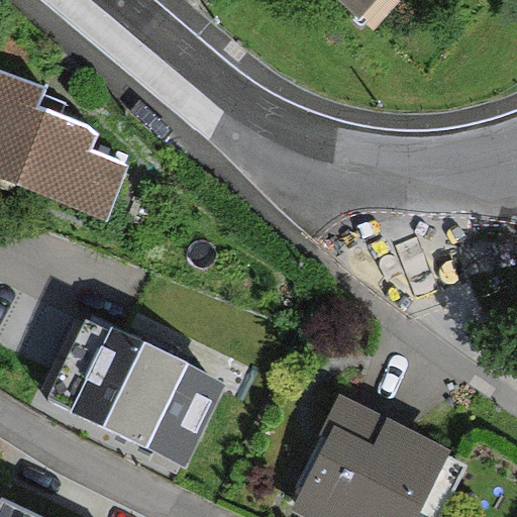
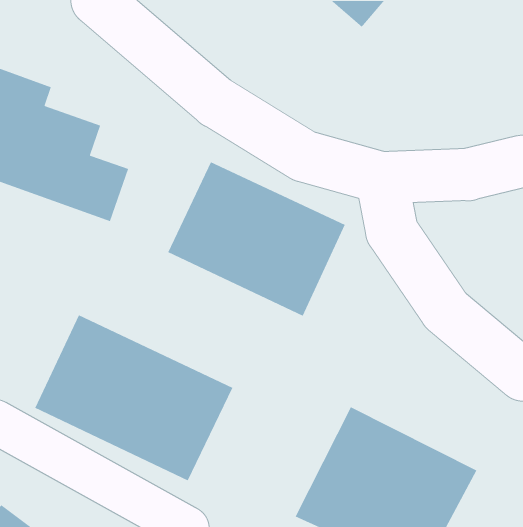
building: none -> [167,161,346,317]

